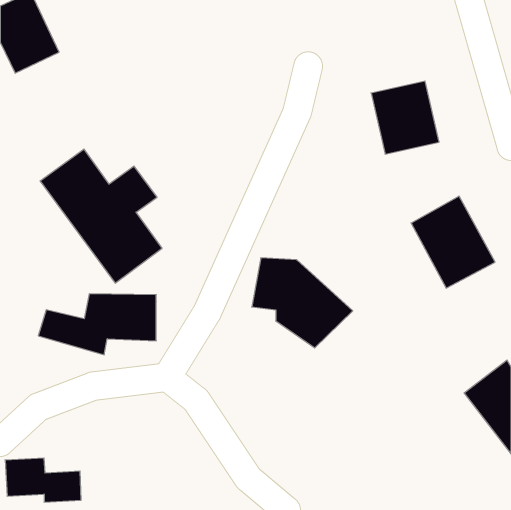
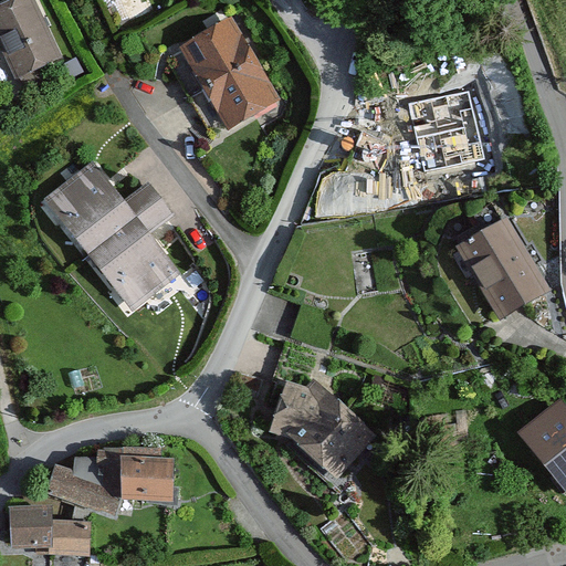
building: none -> [180,15,283,133]
building: [252,258,353,348] -> [268,379,379,479]
building: [38,294,156,355] -> [41,449,171,516]

